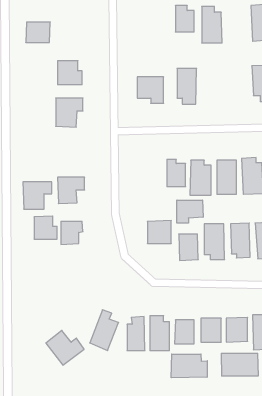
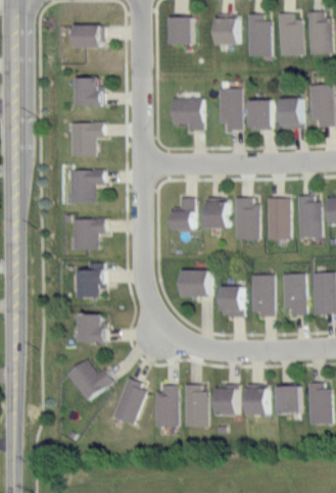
building: none -> [170,12,191,43]
building: none -> [277,12,302,55]
building: [26,22,50,42] -> [73,23,102,48]
building: none -> [279,97,302,127]
building: none -> [248,99,272,131]
building: none -> [171,197,194,229]
building: [23,182,52,209] -> [70,170,105,203]
building: [177,200,203,223] -> none
building: [34,216,57,239] -> [79,314,106,342]
building: [46,330,84,365] -> [67,359,113,401]
building: [221,353,258,376] -> none
building: [171,354,207,378] -> none

